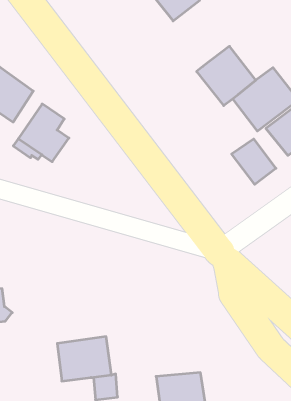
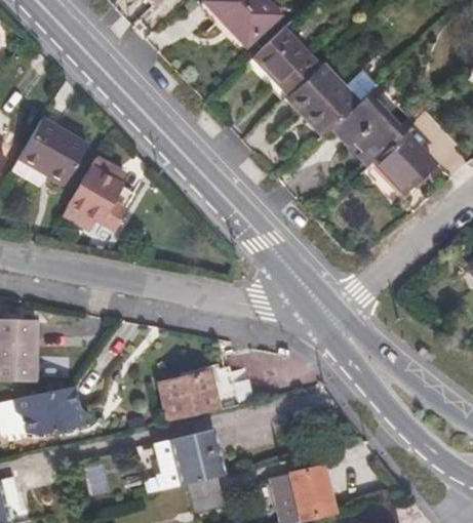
building: none -> [253,23,322,91]
building: [232,139,276,184] -> none
building: none -> [153,371,232,425]

